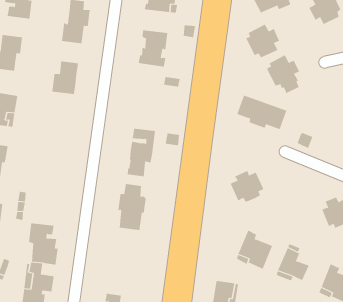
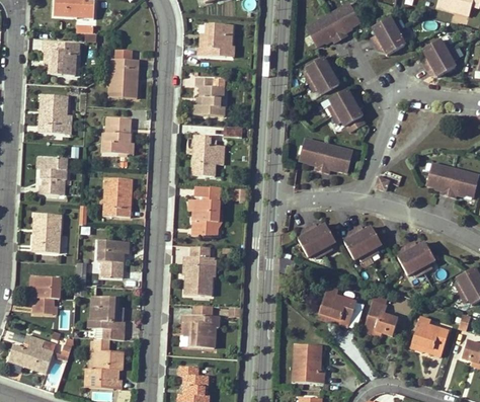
building: none -> [191,136,224,176]
building: none -> [103,178,130,217]
building: none -> [96,241,125,277]
building: none -> [351,224,389,260]
building: none -> [181,306,215,348]

